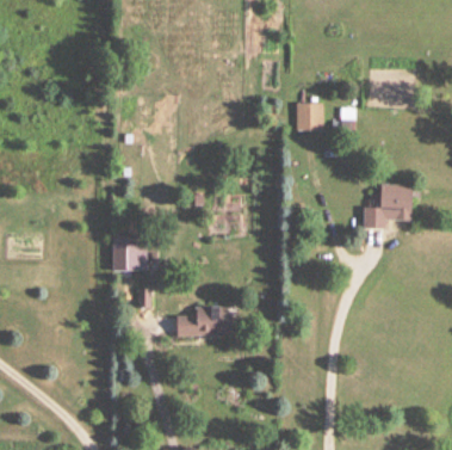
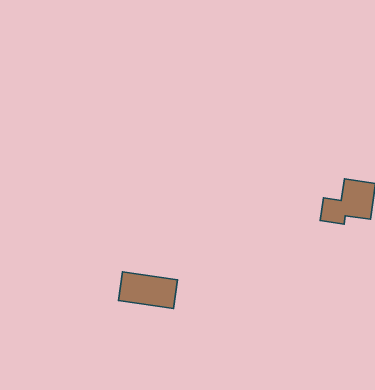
building: [296,101,323,130] -> none
building: [113,235,147,270] -> none

